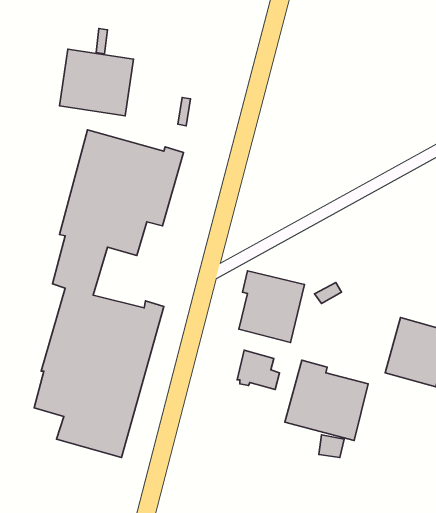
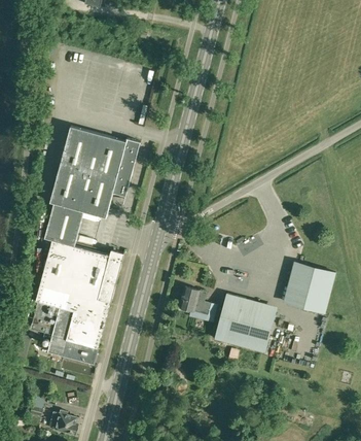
building: [59,49,133,116] -> none
building: [239,271,305,342] -> none

